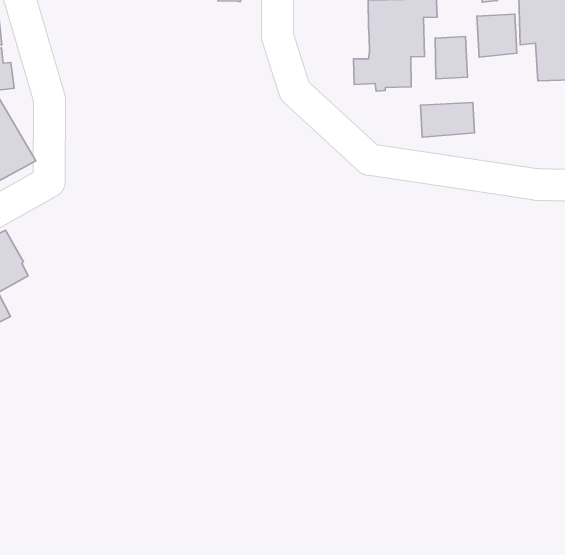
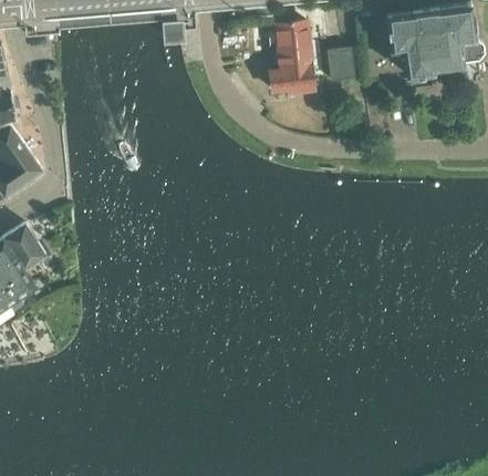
building: [477,14,517,57] -> none
building: [420,102,474,137] -> none

